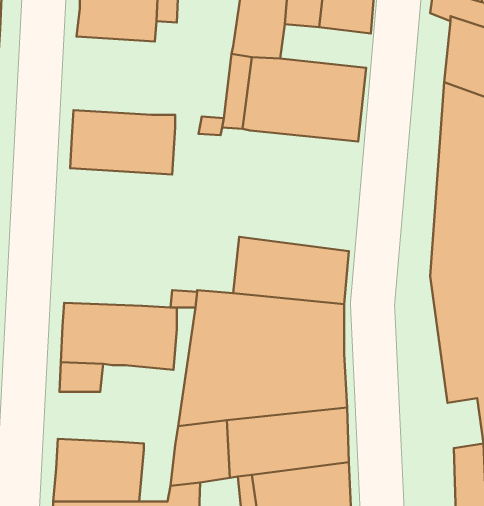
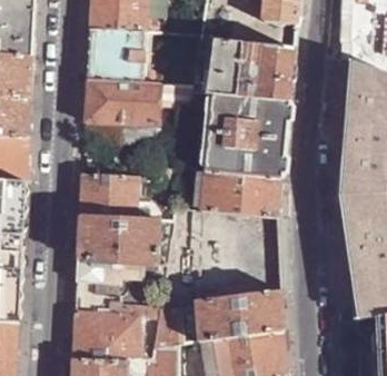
building: none -> [234,20,298,51]
building: none -> [87,29,145,85]
building: none -> [205,96,289,181]
building: none -> [80,175,137,220]
building: none -> [76,281,120,317]

